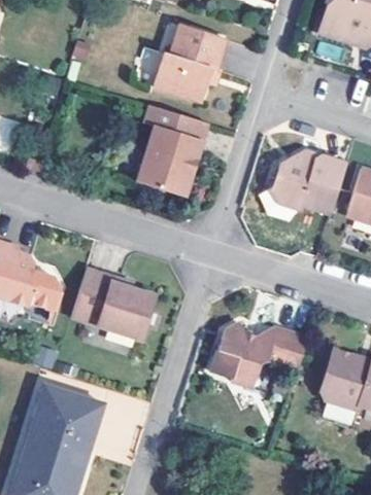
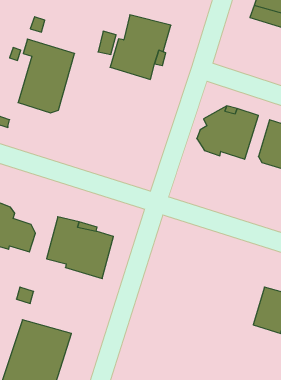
building: [138,108,206,197] -> [18,39,75,113]
building: [216,326,312,387] -> none

